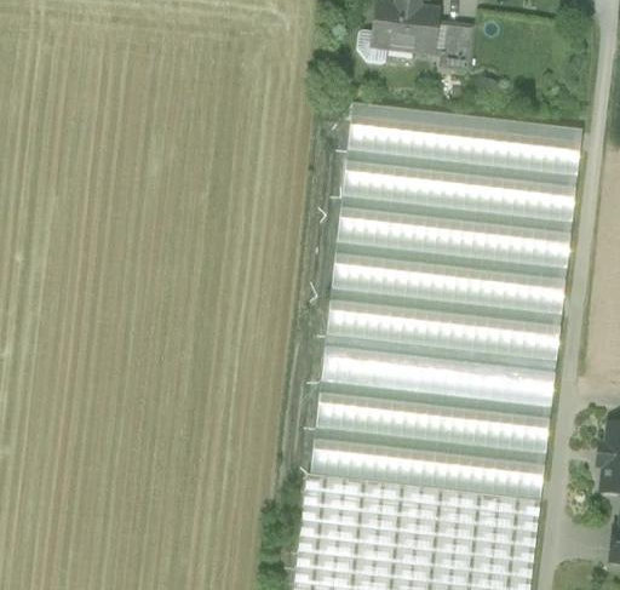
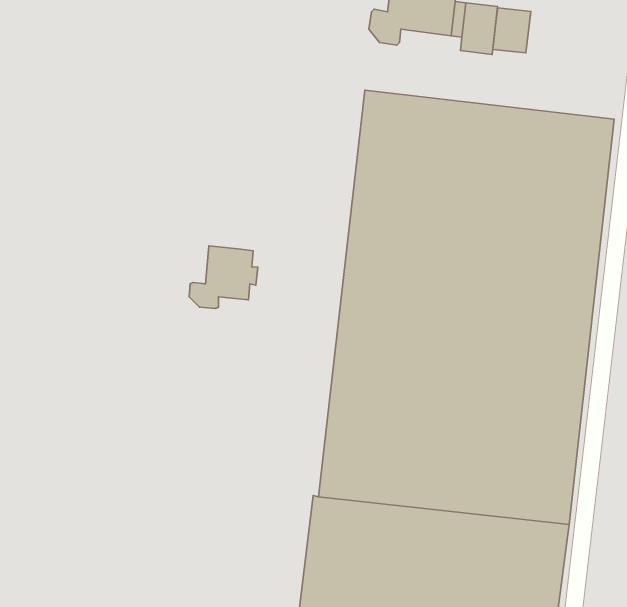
building: none -> [493,8,531,53]
building: none -> [189,246,258,308]

